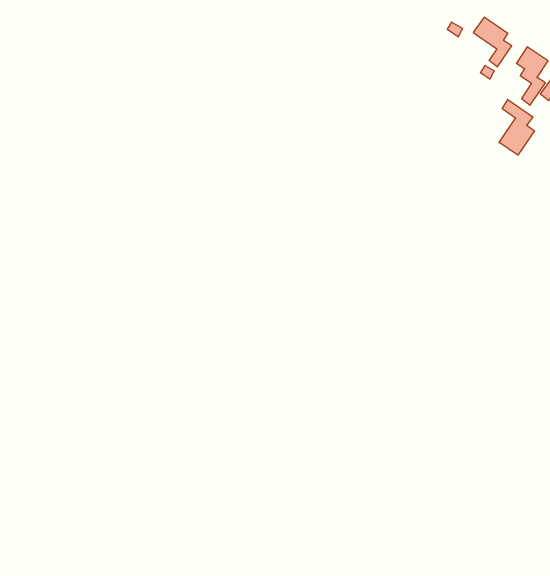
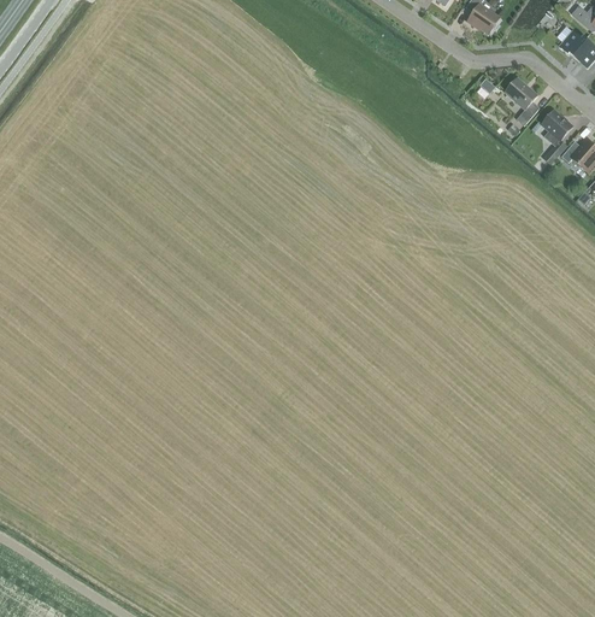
building: [499,99,535,155] -> none

